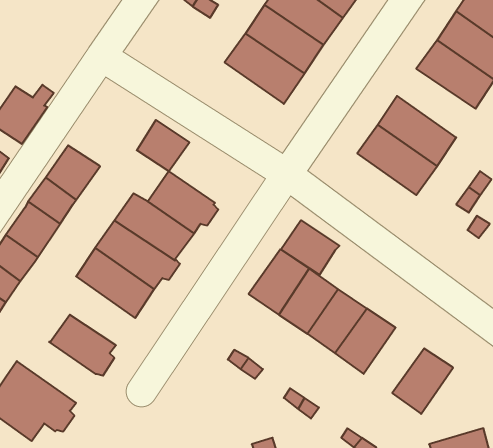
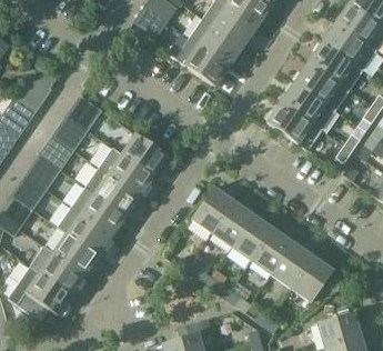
building: none -> [294,62,349,110]
building: [137,120,189,171] -> [65,94,102,130]
building: [281,220,339,275] -> none
building: none -> [57,207,112,254]
building: none -> [271,242,313,288]
building: none -> [30,245,84,294]

